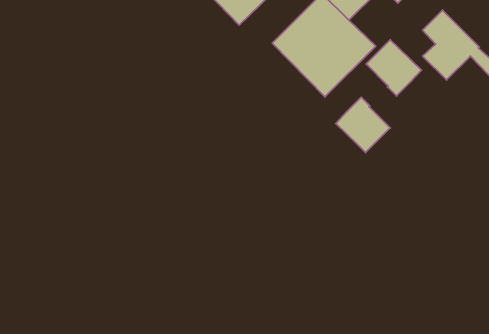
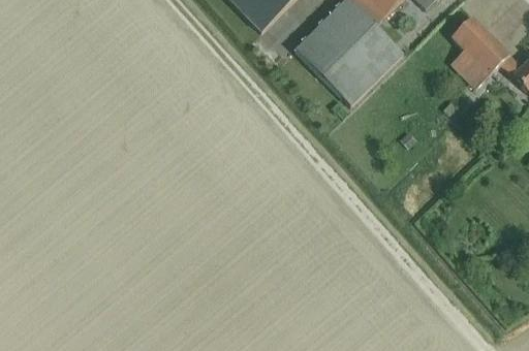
building: [366,40,421,96] -> none
building: [336,97,390,153] -> none

